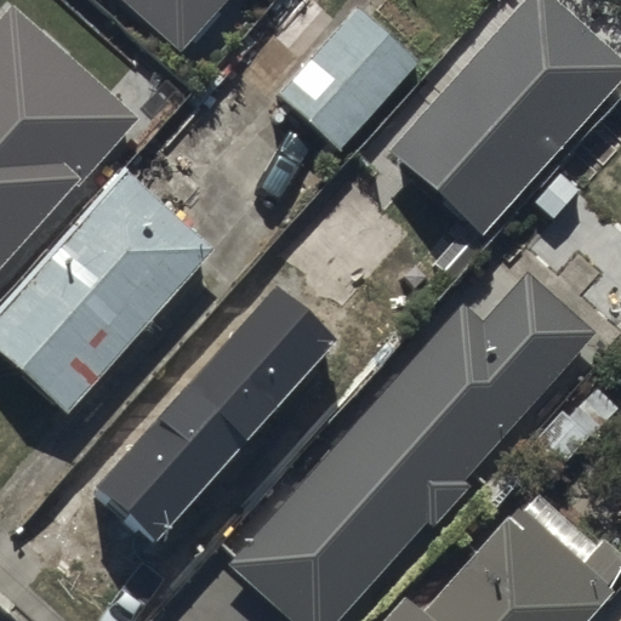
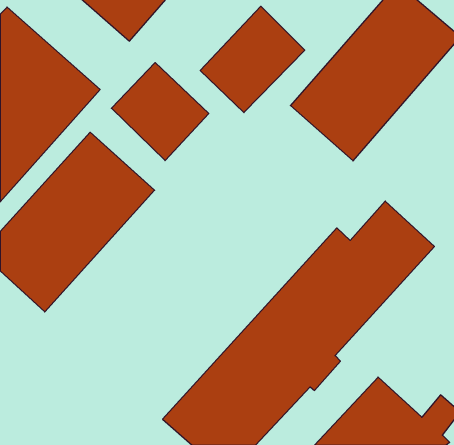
building: none -> [111,63,209,161]
building: [98,274,336,532] -> none

